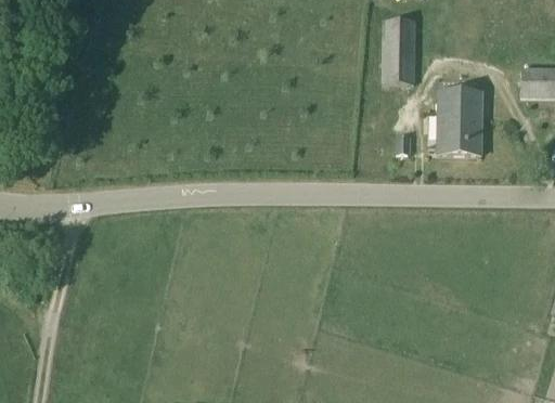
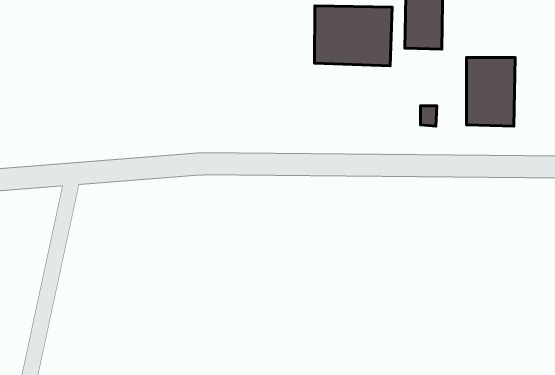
building: none -> [314,6,392,66]

